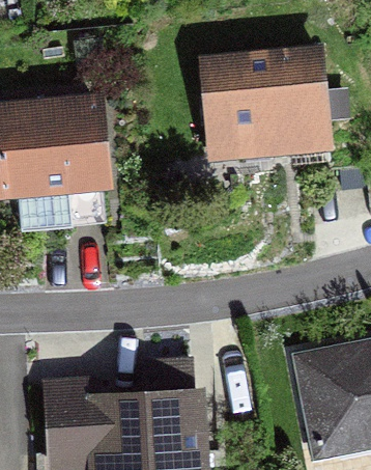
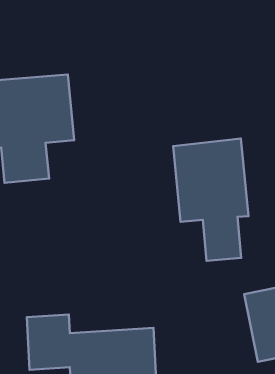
building: [205,52,326,146] -> none
building: none -> [173,138,249,261]

